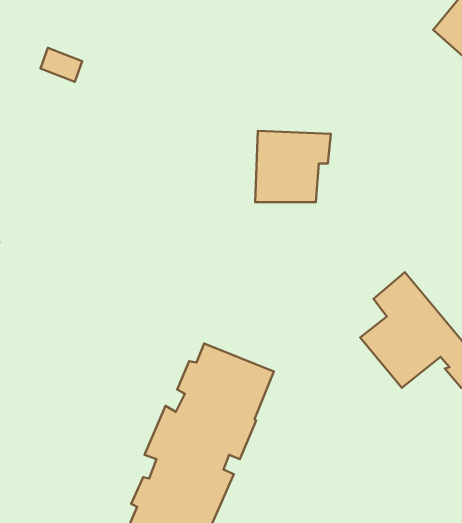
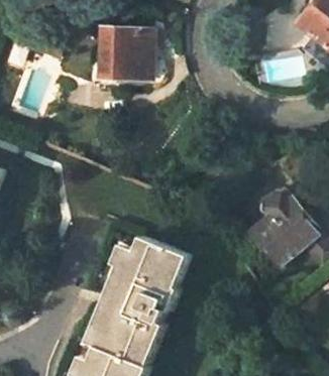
building: [255,131,331,202] -> [99,29,150,78]

